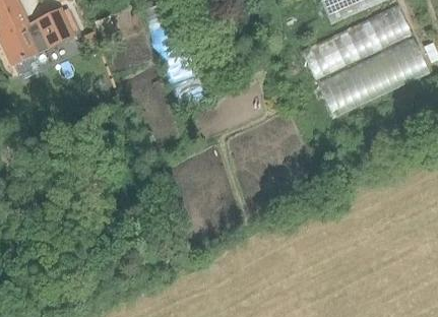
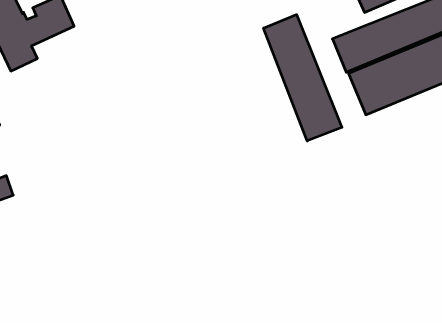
building: none -> [264,15,342,141]

